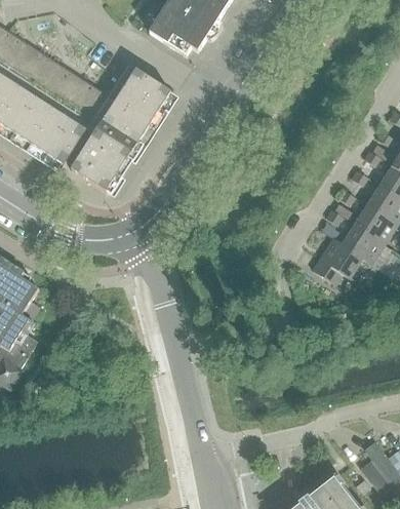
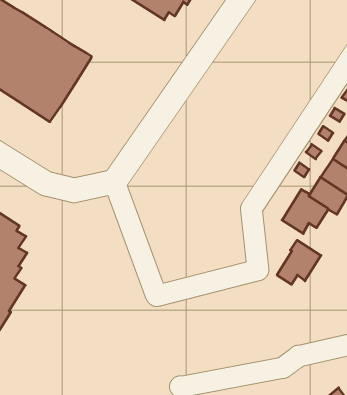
building: [71,69,177,197] -> none
building: none -> [277,240,321,284]

